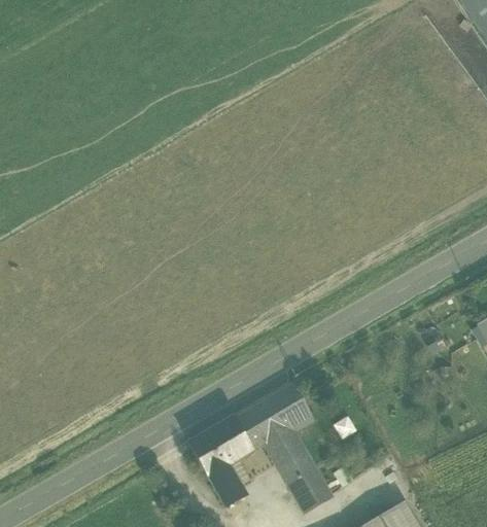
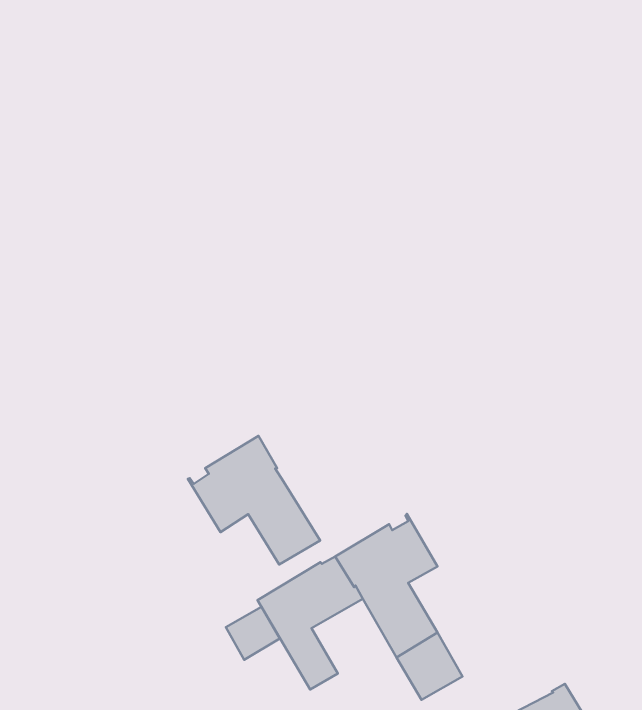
building: none -> [188,436,320,565]
building: none -> [226,607,280,660]

